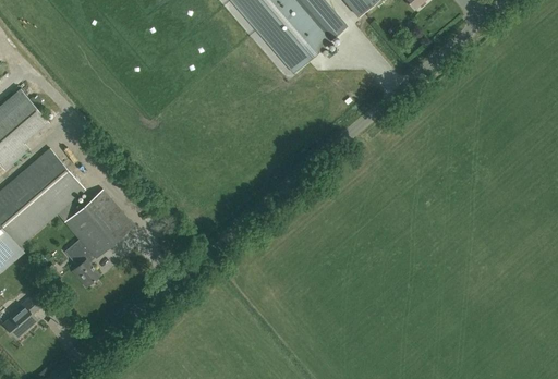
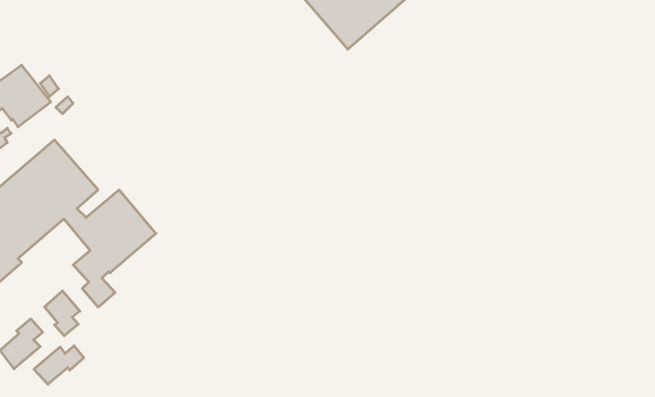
building: none -> [45,291,80,336]
building: none -> [34,346,84,384]

